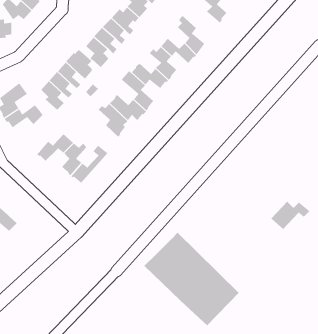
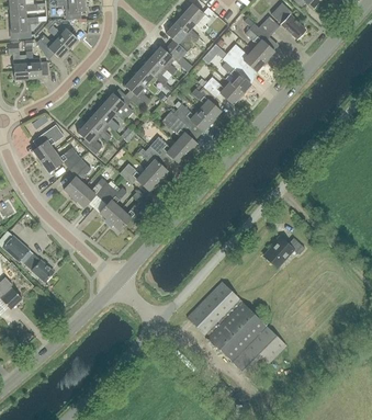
building: none -> [226,44,266,71]
building: none -> [63,158,90,200]
building: none -> [119,163,159,191]
building: [271,201,310,230] -> [263,237,305,268]

